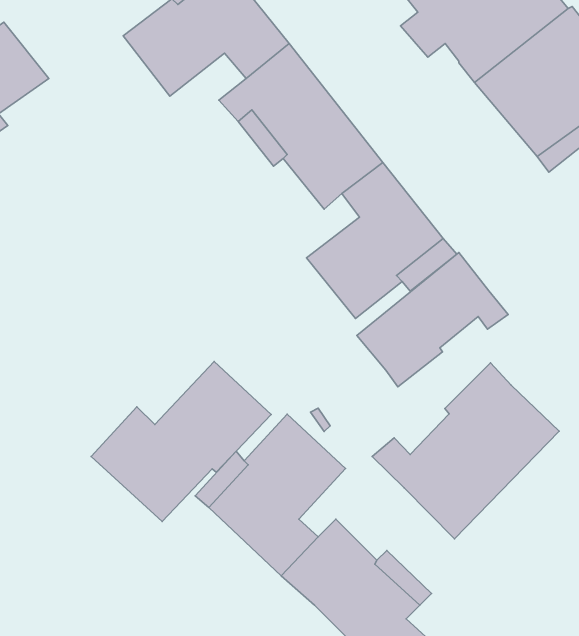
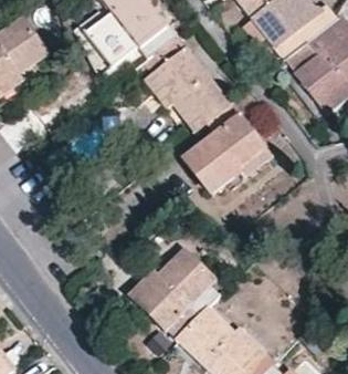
building: [357,253,508,387] -> none
building: [91,362,271,521] -> none
building: [372,363,559,539] -> none

